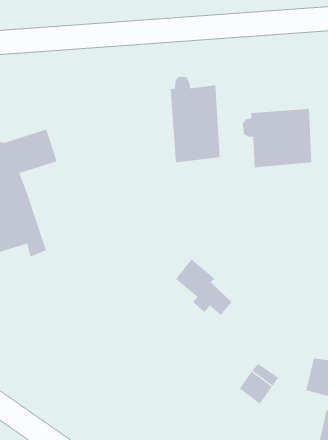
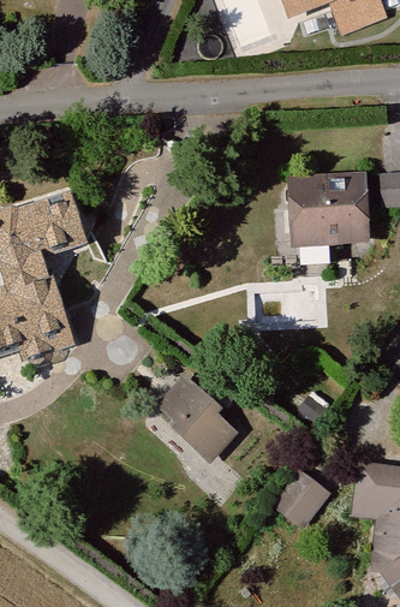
building: [170,76,220,163] -> none
building: [175,259,233,316] -> [175,383,240,448]

